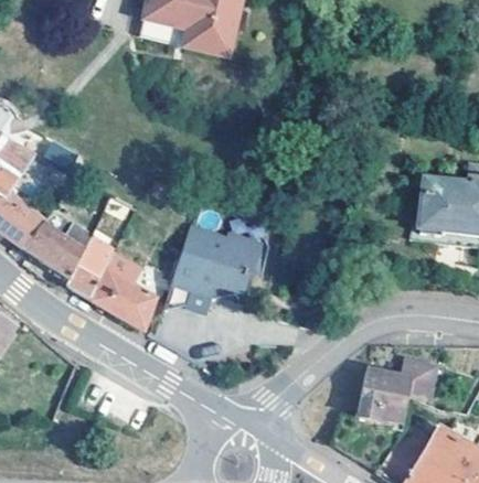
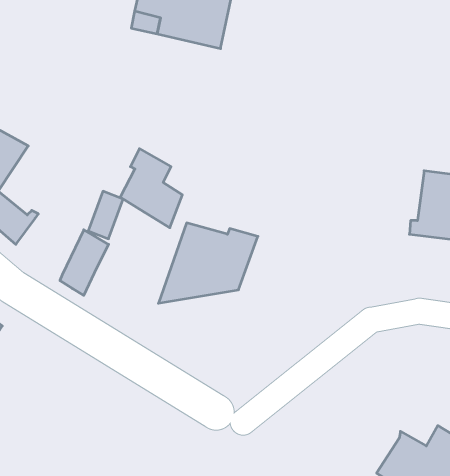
building: [26,222,93,278] -> none
building: [96,253,157,330] -> [120,149,182,228]
building: [358,361,426,417] -> none

